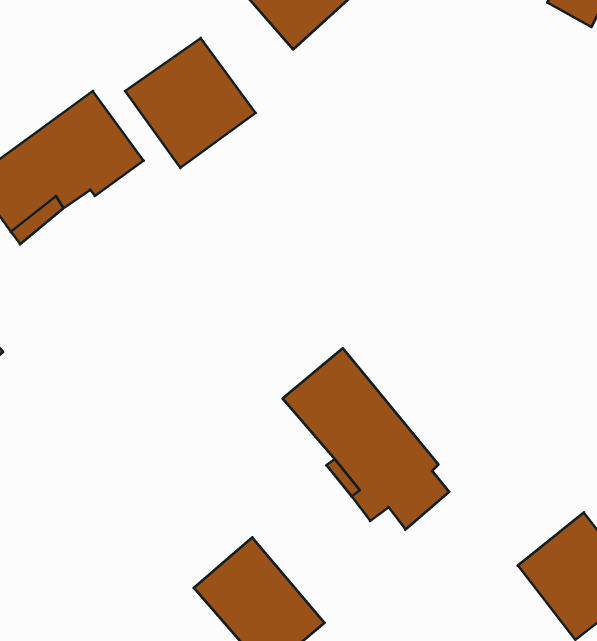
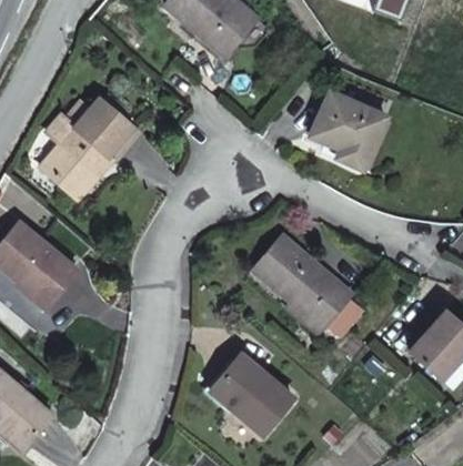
building: [125,38,256,168] -> none
building: none -> [315,94,390,169]

